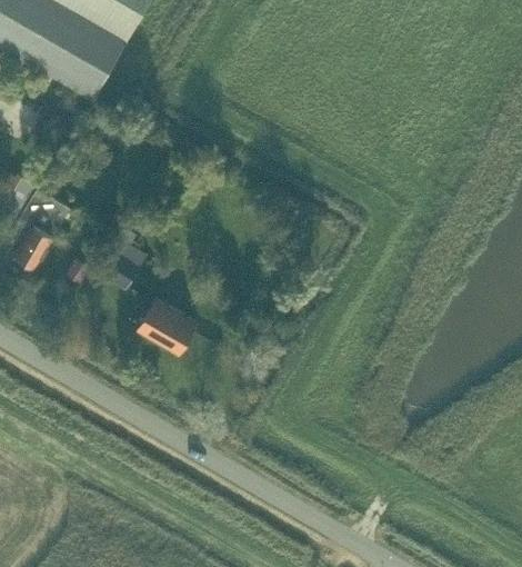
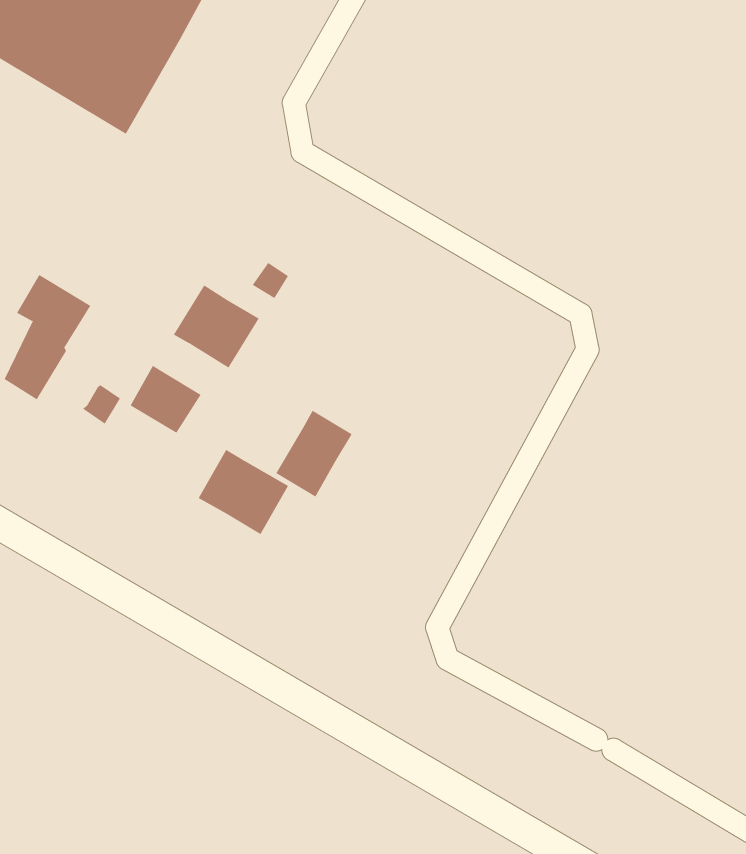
building: none -> [173,285,260,368]
building: none -> [275,410,352,497]

